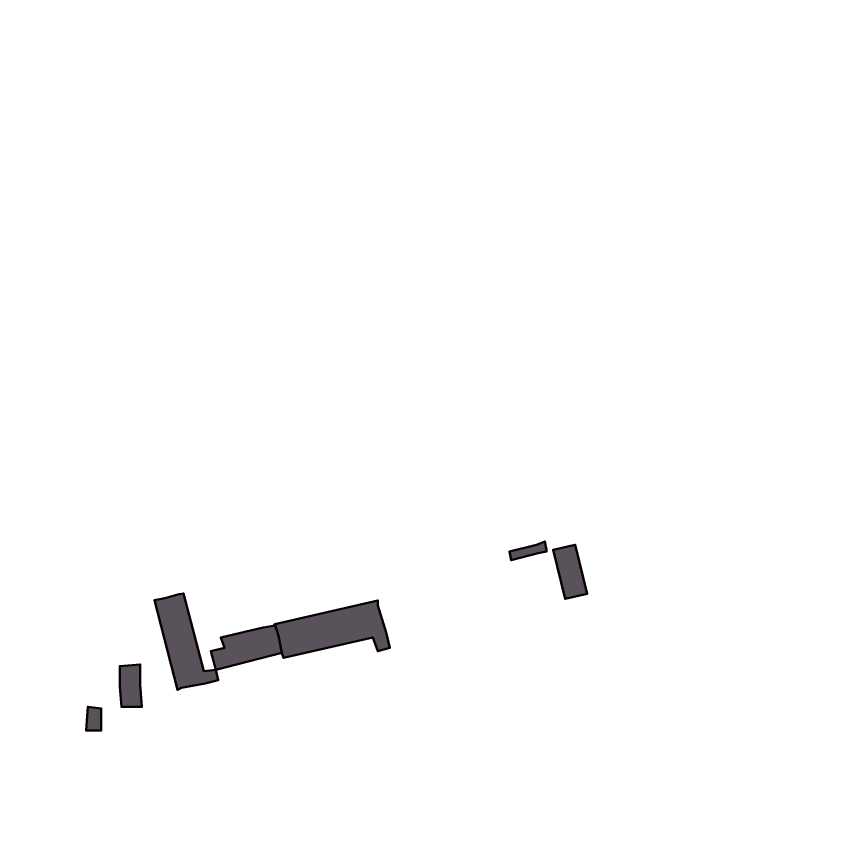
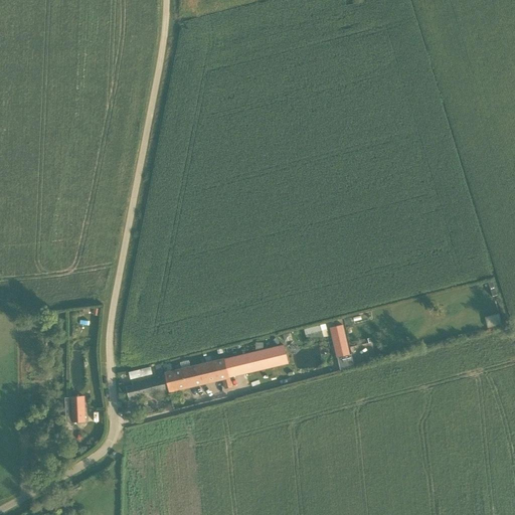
building: none -> [225,343,289,377]
building: [155,593,218,690] -> none

